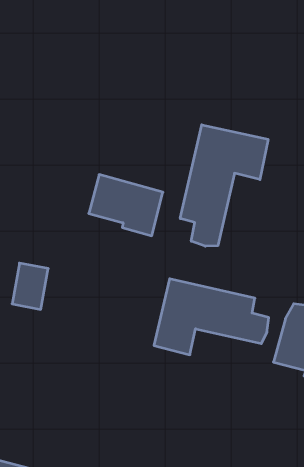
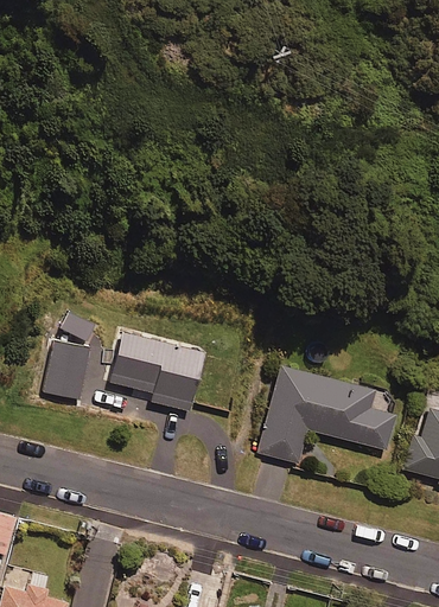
building: [180,125,268,246] -> none
building: [89,175,163,236] -> [125,336,220,414]

